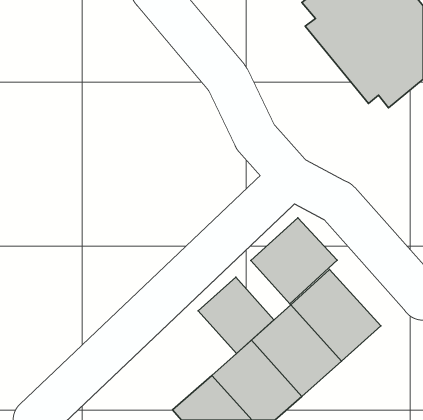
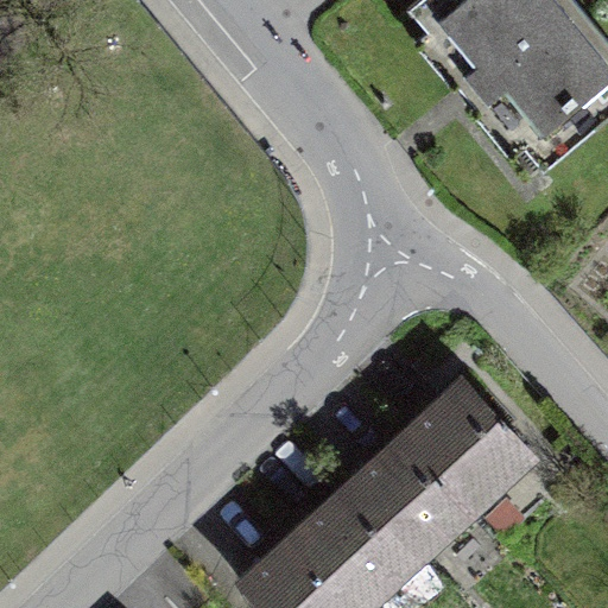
building: [251,218,337,304] -> none
building: [198,277,274,354] -> none

